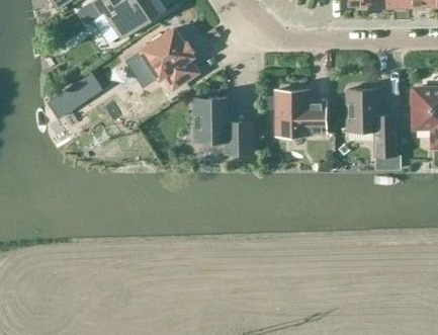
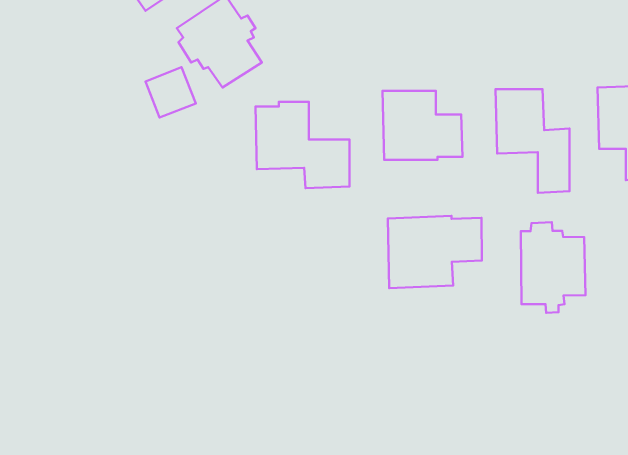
building: [49,72,104,118] -> none
building: none -> [388,216,482,288]
building: none -> [521,222,586,313]

